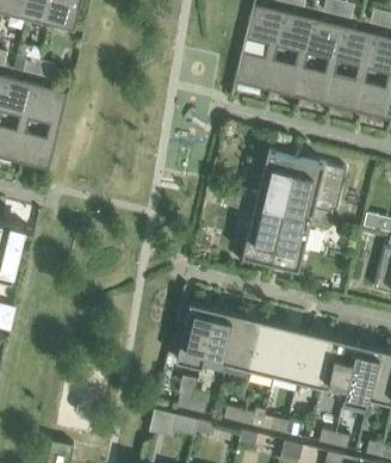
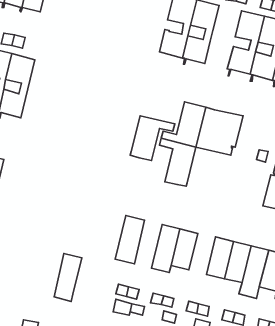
building: [294,20,343,107] -> none
building: [269,210,329,270] -> [130,116,175,160]
building: [200,308,237,372] -> [54,253,82,301]
building: [273,326,309,381] -> none

